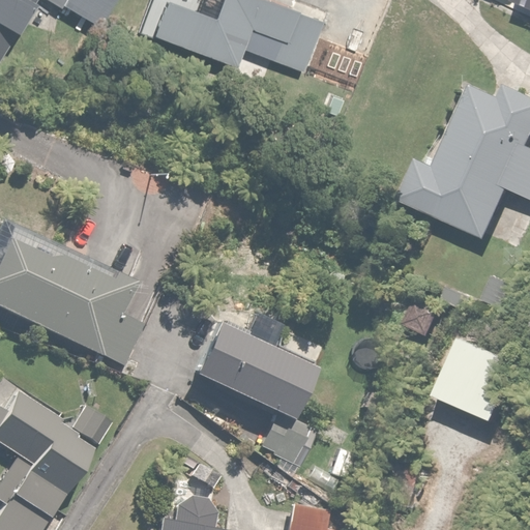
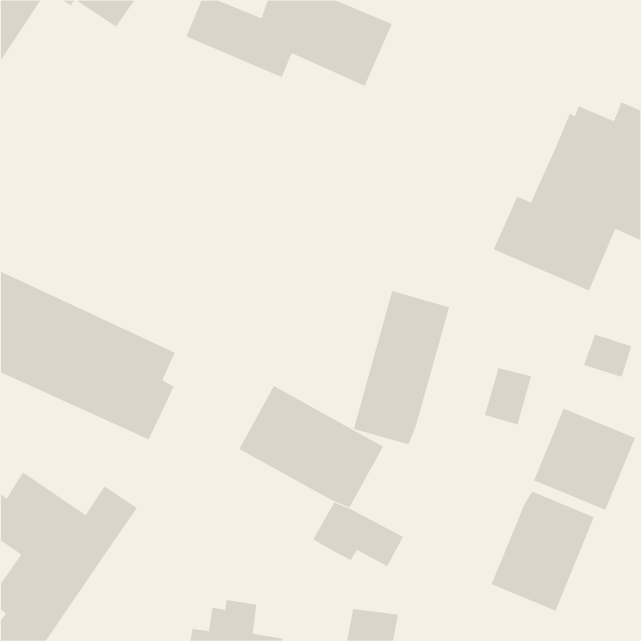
building: none -> [353,290,450,445]
building: none -> [491,491,595,612]

